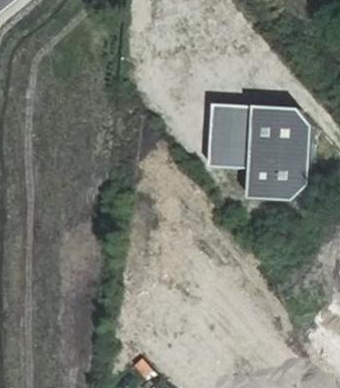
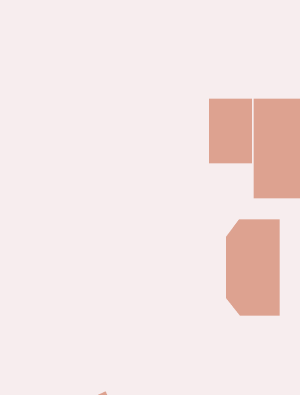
building: none -> [225,218,280,317]

